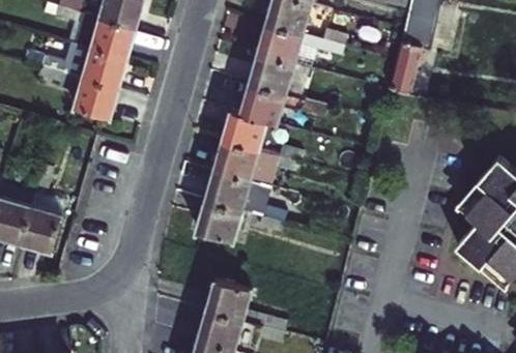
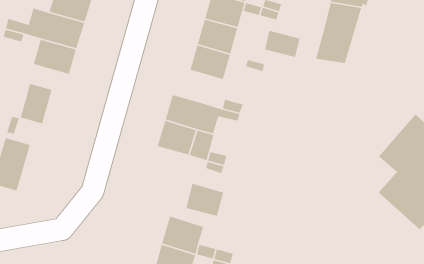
building: none -> [264,30,300,58]
building: [222,109,266,148] -> none
building: none -> [20,83,52,125]
building: [197,197,240,235] -> [186,183,224,217]

